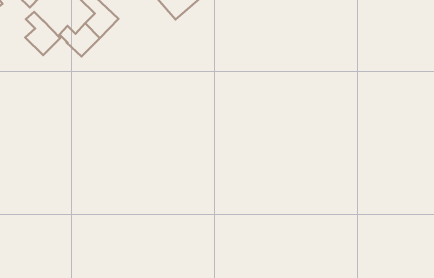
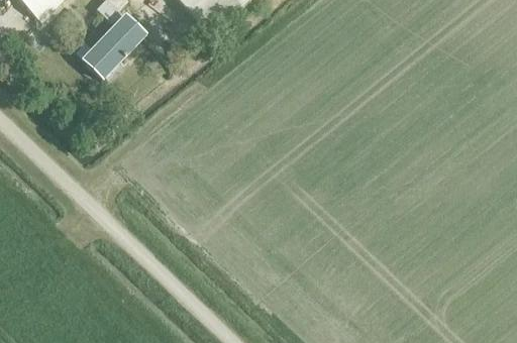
building: [25,12,60,55] -> none

